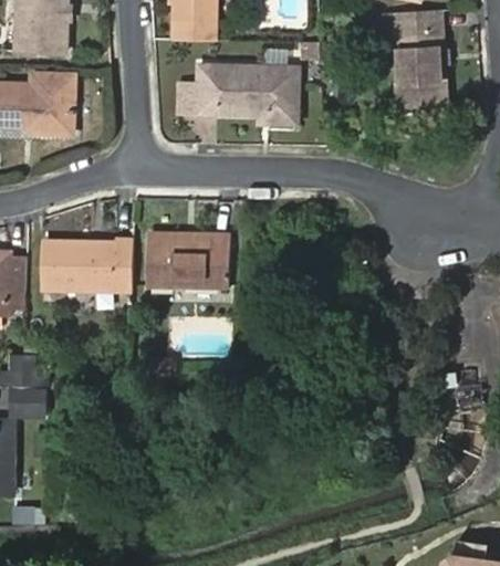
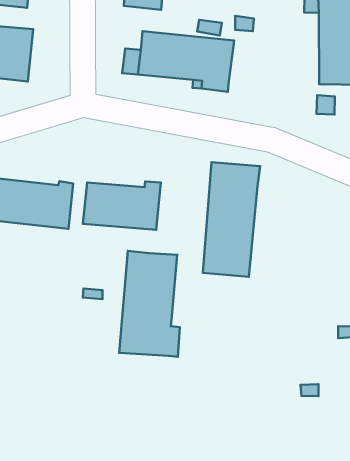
building: none -> [203,162,260,277]
building: none -> [119,251,180,357]

